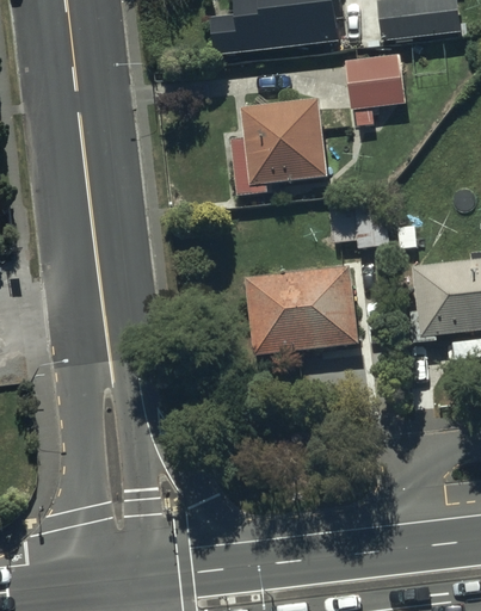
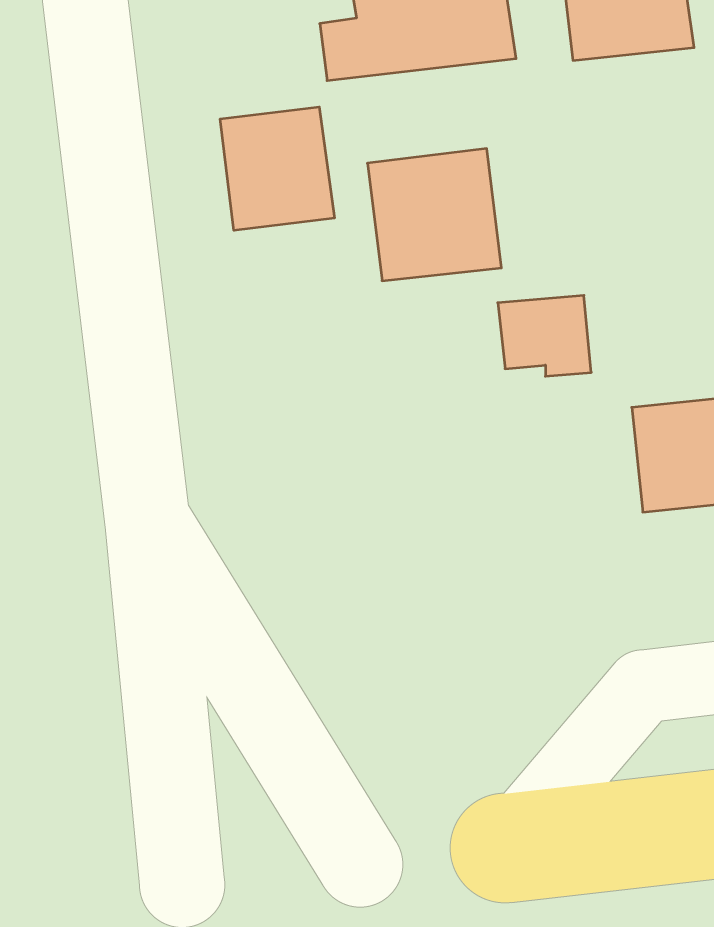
building: [344,54,406,123] -> none
building: none -> [220,107,334,230]
building: [247,263,356,353] -> none

